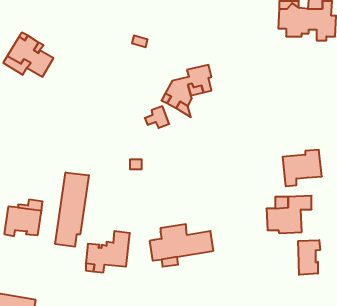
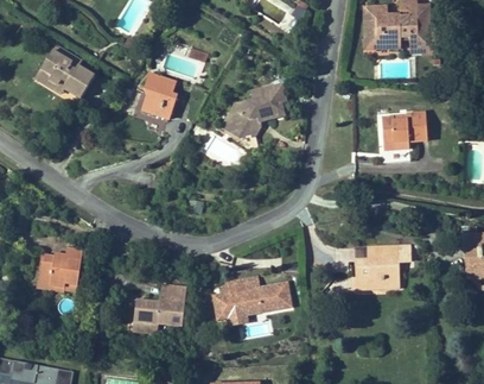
building: none -> [146,73,180,117]
building: [283,150,322,186] -> [381,109,428,153]
building: [55,172,89,247] -> none
building: [298,240,320,275] -> none

